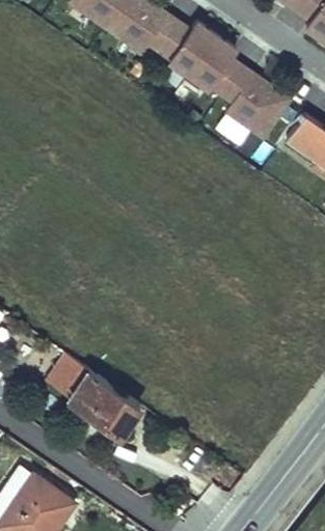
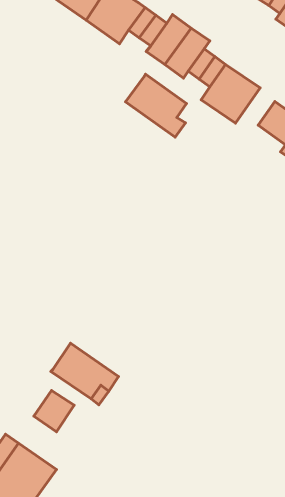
building: none -> [125,74,186,137]
building: [45,352,87,395] -> [34,391,74,432]

